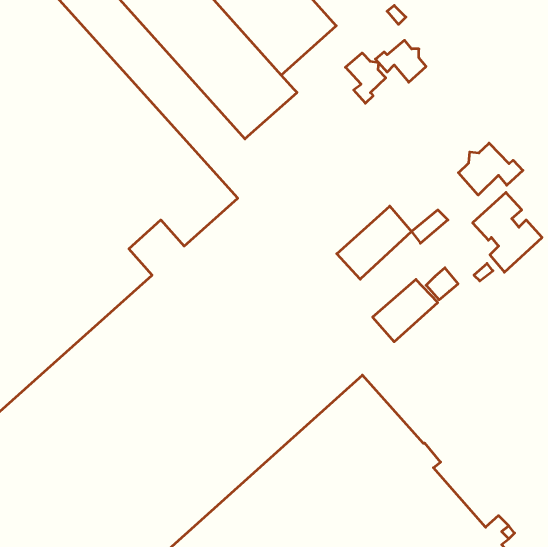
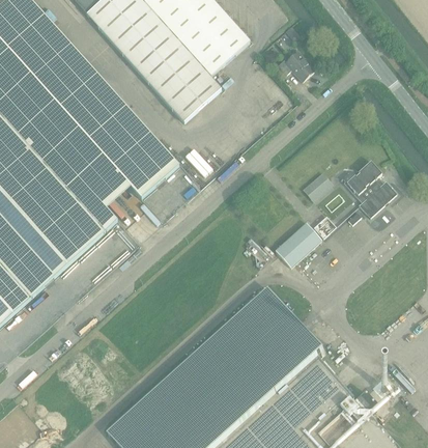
building: [345,53,386,103] -> none
building: [458,143,523,195] -> none
building: [337,206,412,279] -> none

